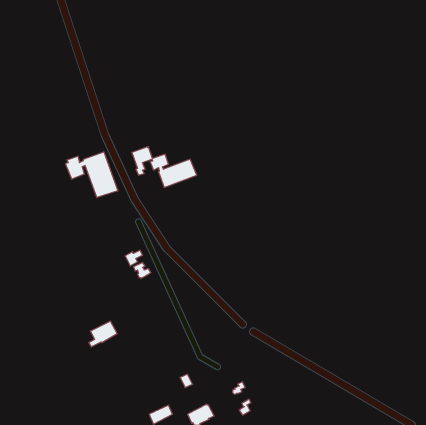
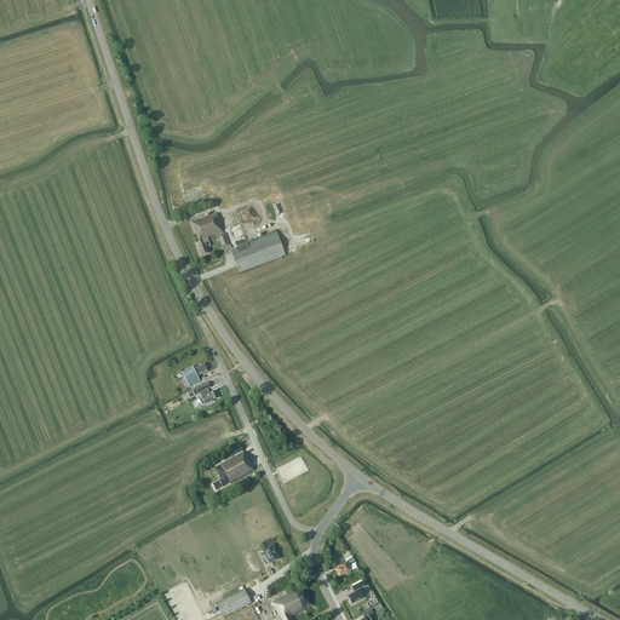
building: [66,152,118,198] -> none
building: [89,321,117,347] -> [212,452,253,489]

